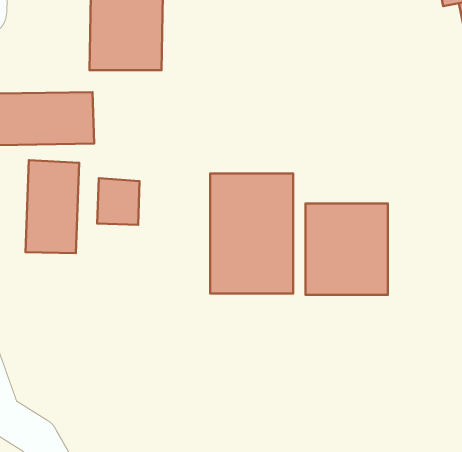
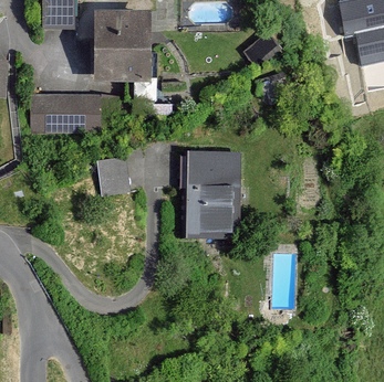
building: [25,160,79,253] -> none
building: [305,204,388,295] -> none

